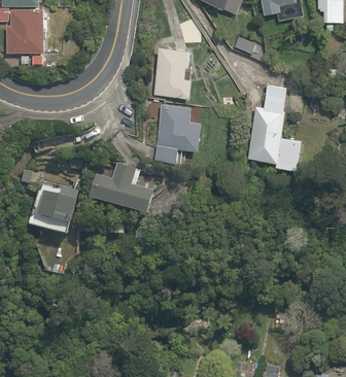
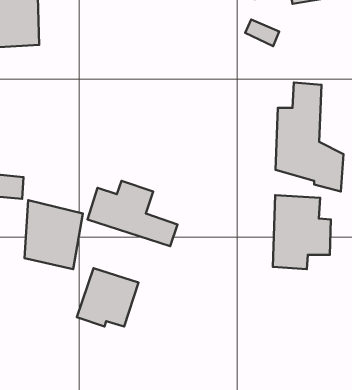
building: [152,45,194,99] -> none
building: [159,103,208,166] -> [273,195,331,269]
building: none -> [77,268,139,326]

